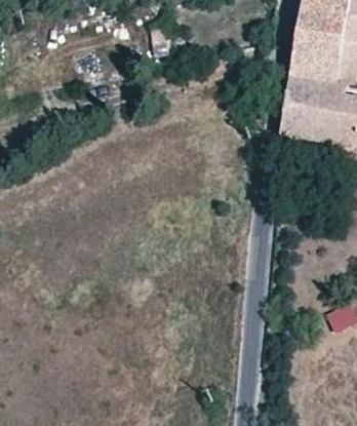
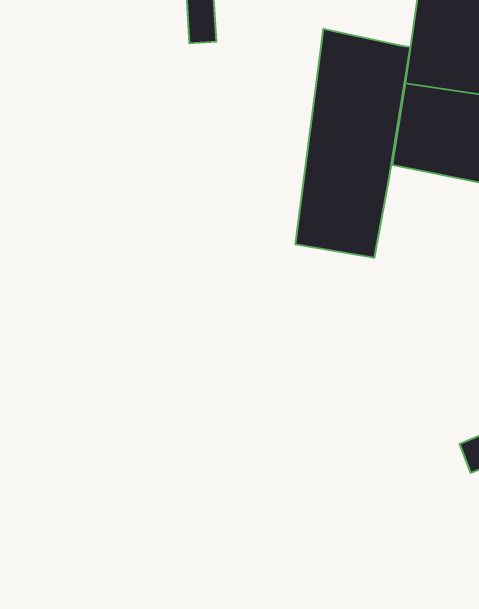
building: none -> [296,29,410,258]

